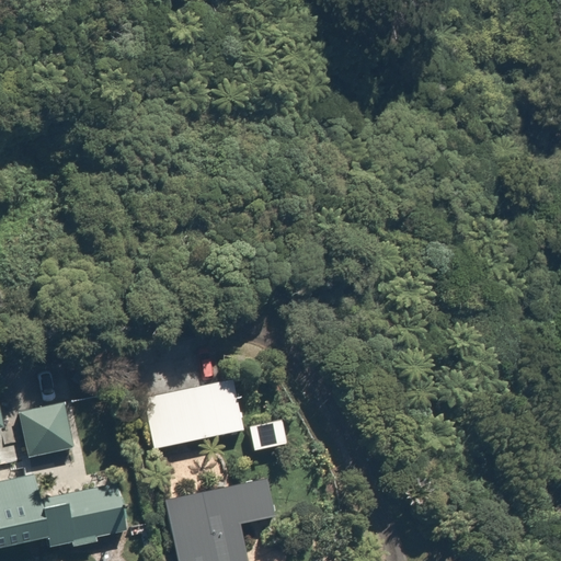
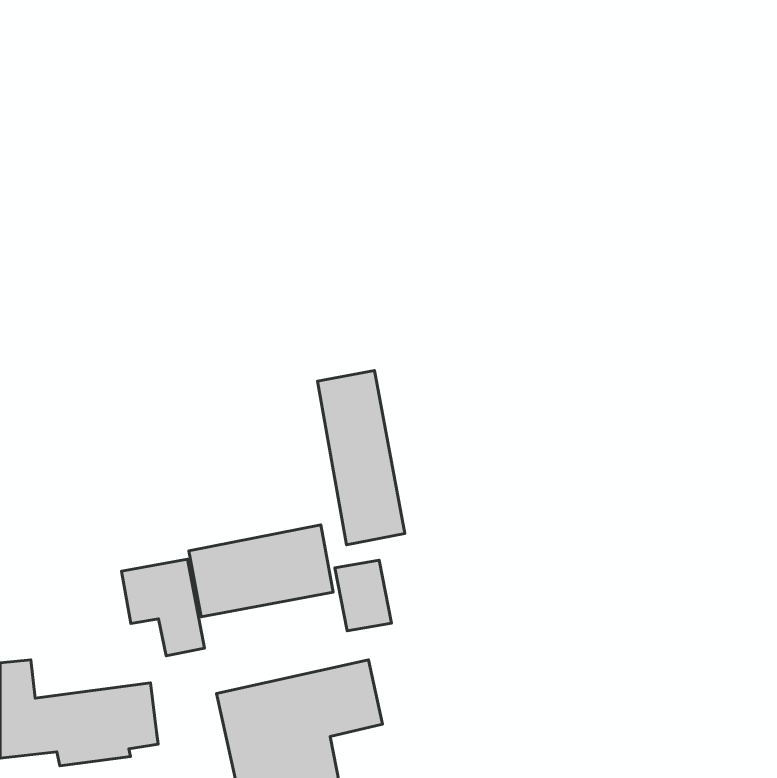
building: none -> [317,370,405,545]
building: [19,404,78,473] -> [122,559,204,656]

